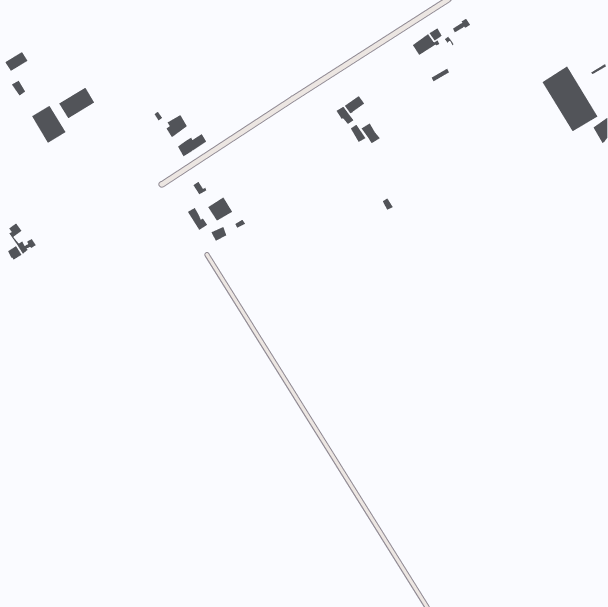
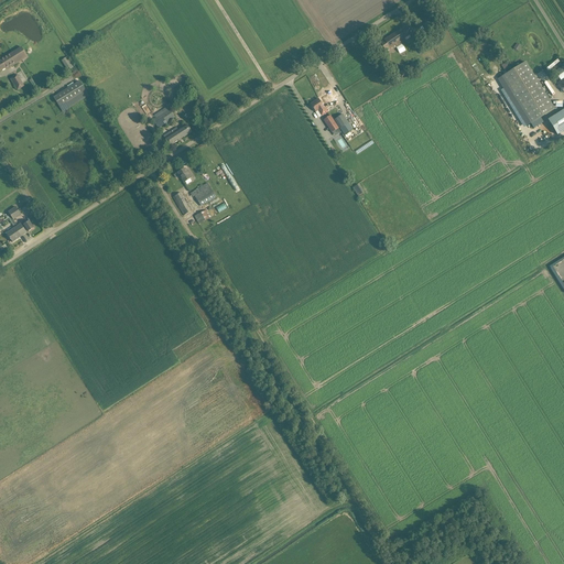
building: [31,105,67,144] -> none

